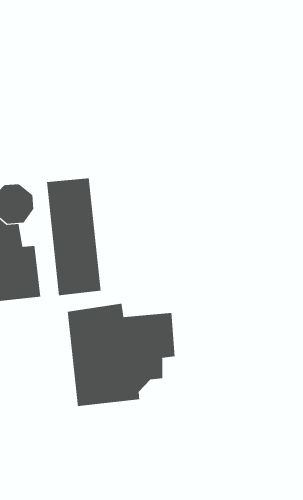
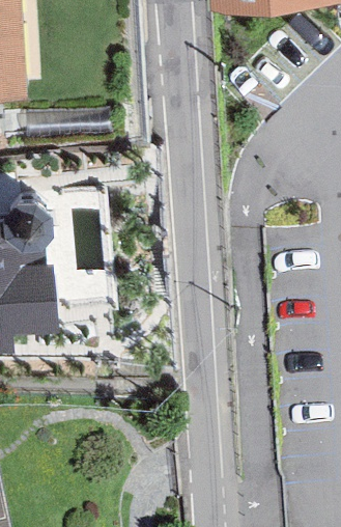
building: [67,303,175,407] -> none

